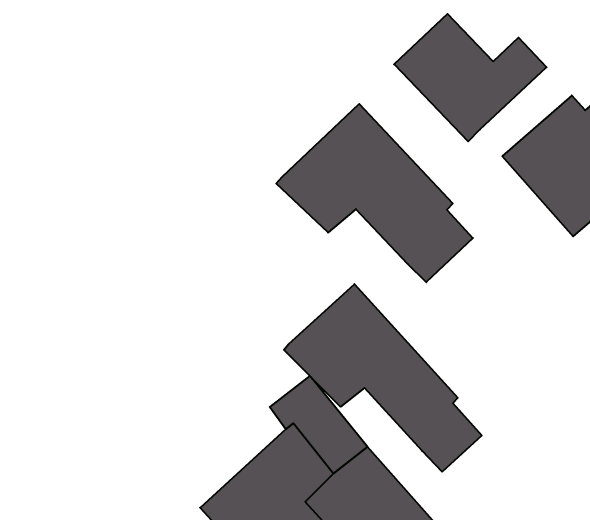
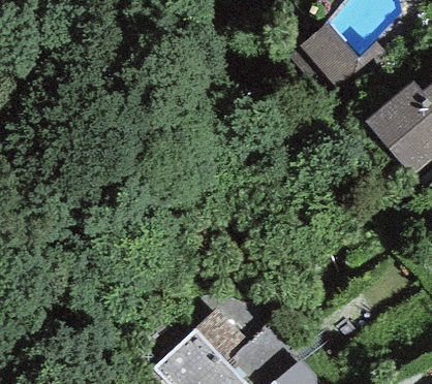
building: [276,104,473,282] -> none
building: [284,284,482,472] -> none

